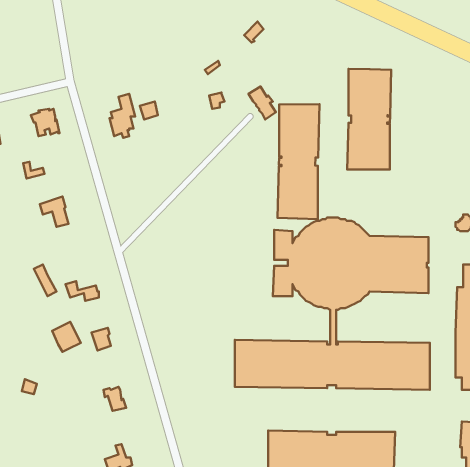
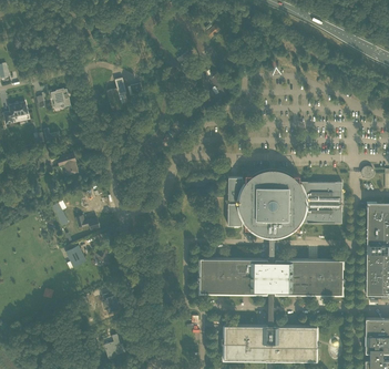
building: [347,69,391,169] -> none
building: [278,104,319,219] -> none

